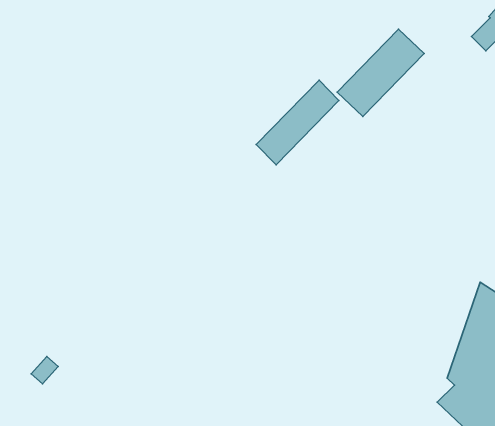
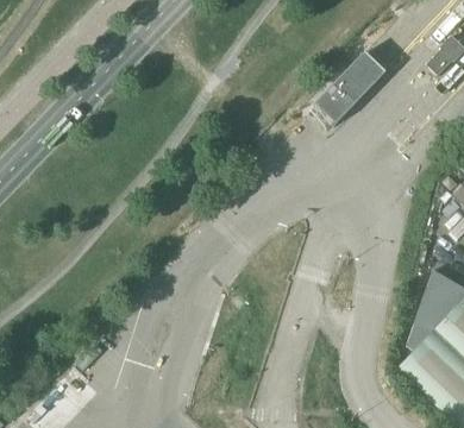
building: [256,80,339,165] -> none

